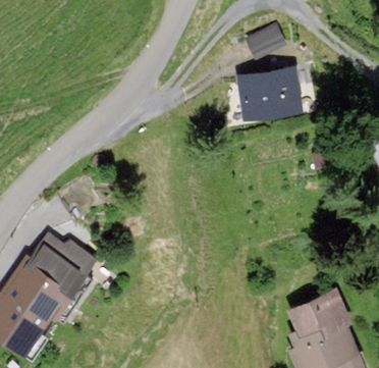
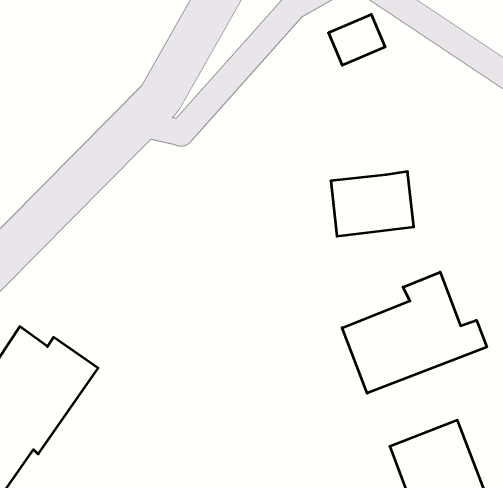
building: [240,70,295,113] -> [331,172,414,236]
building: none -> [342,272,487,393]

